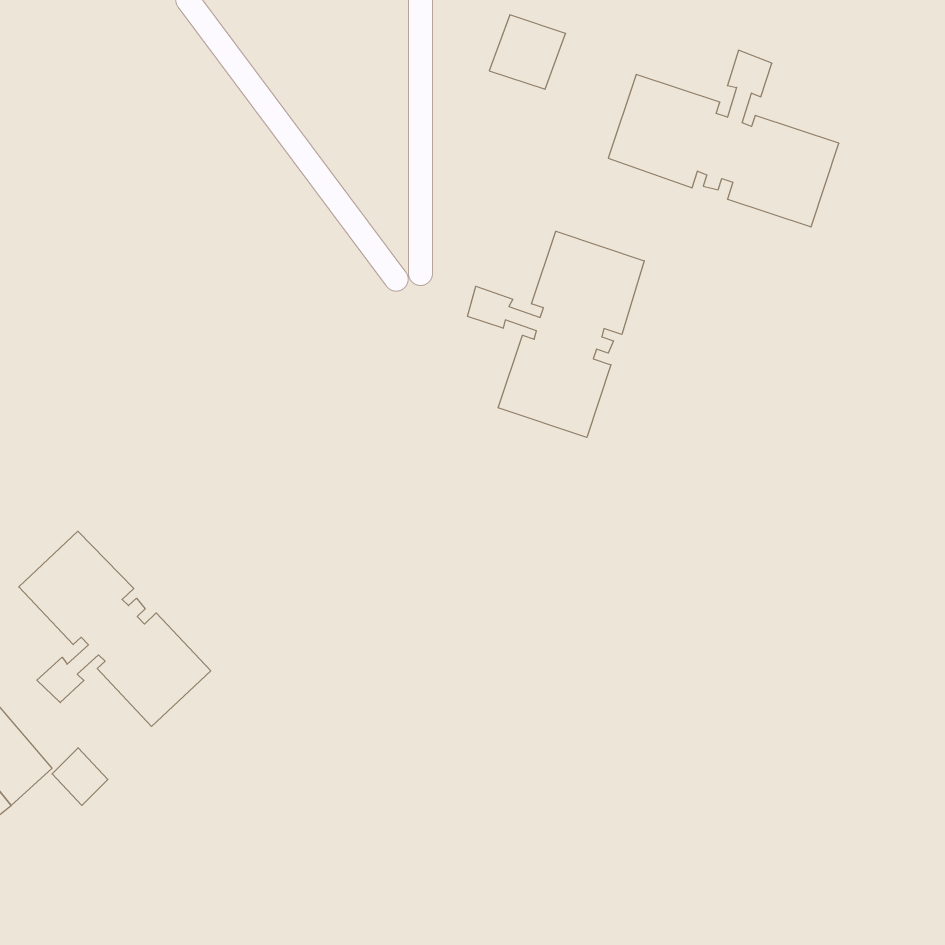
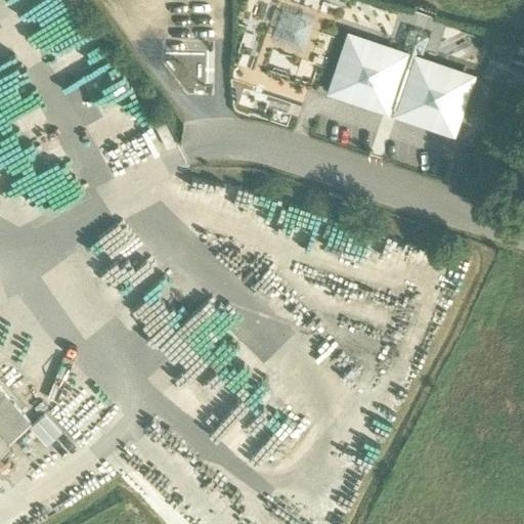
building: [468,231,644,437] -> none
building: [19,531,211,726] -> none

